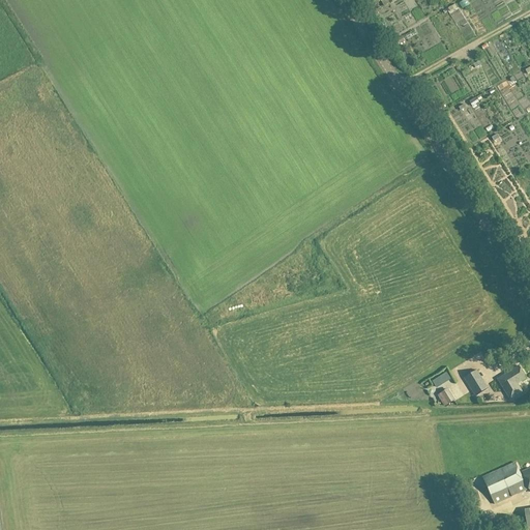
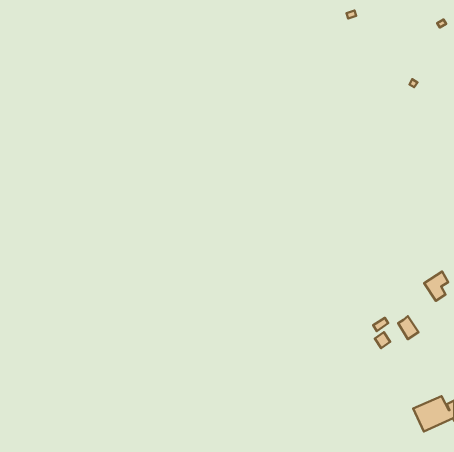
building: [497,364,525,399] -> [424,272,448,301]

